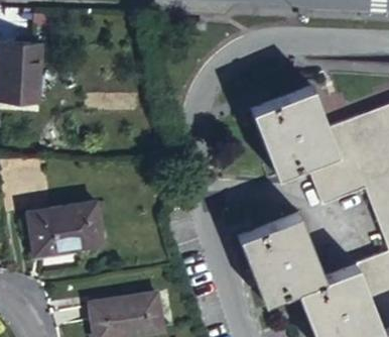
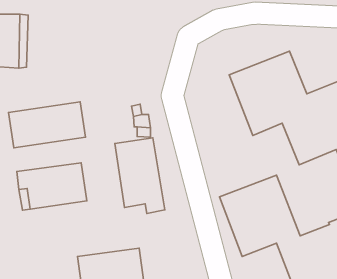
building: none -> [9,102,85,148]
building: none -> [115,138,165,213]

